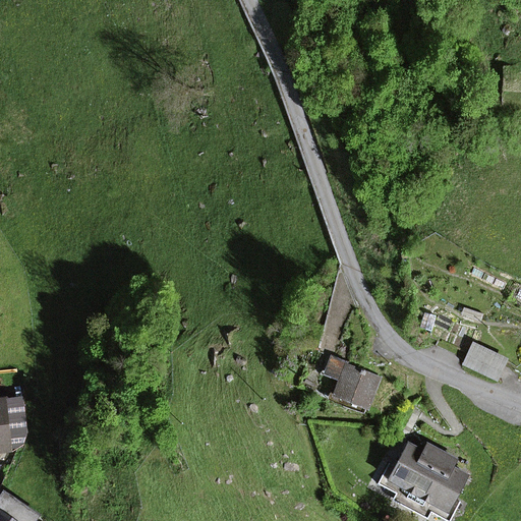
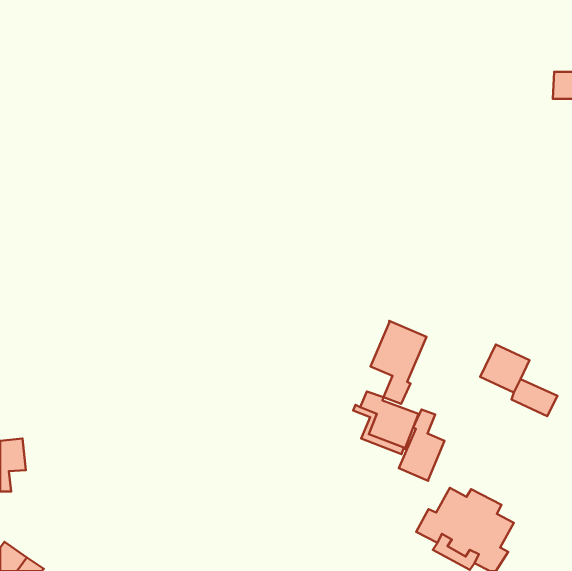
building: none -> [371,321,427,404]
building: none -> [399,409,445,481]

